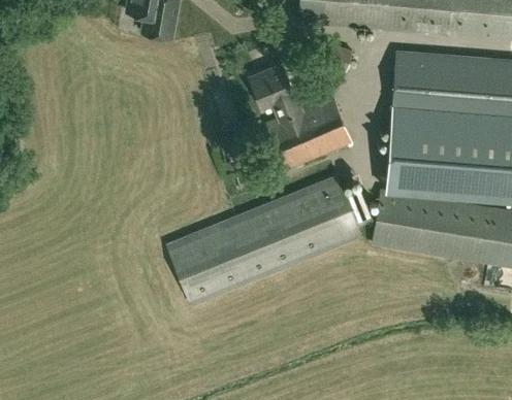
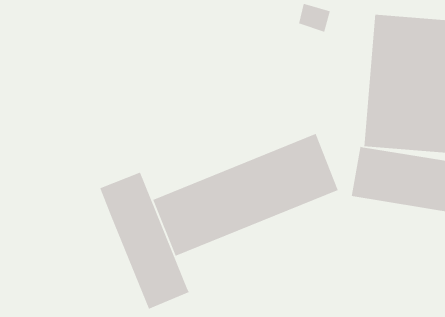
building: [250,63,353,167] -> none
building: none -> [99,172,190,310]

